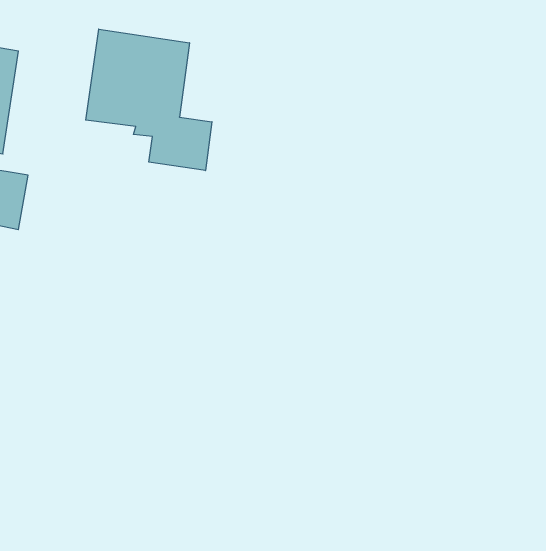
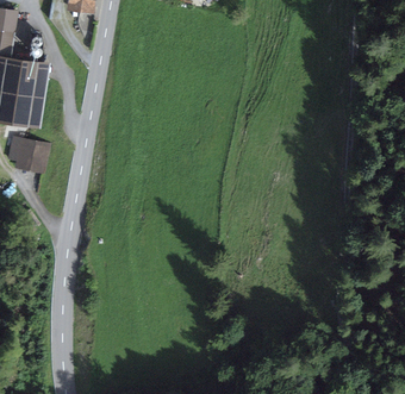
building: [86,29,212,171] -> none

